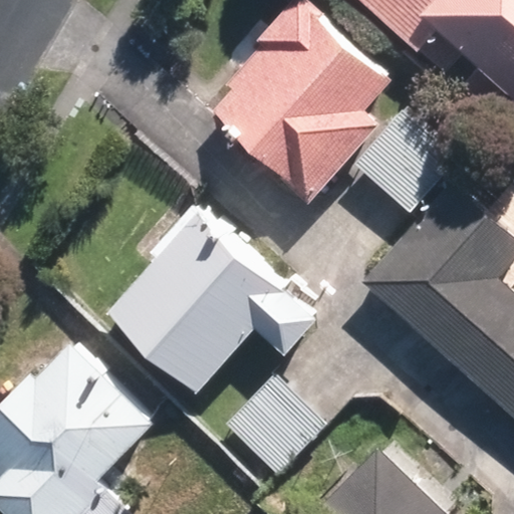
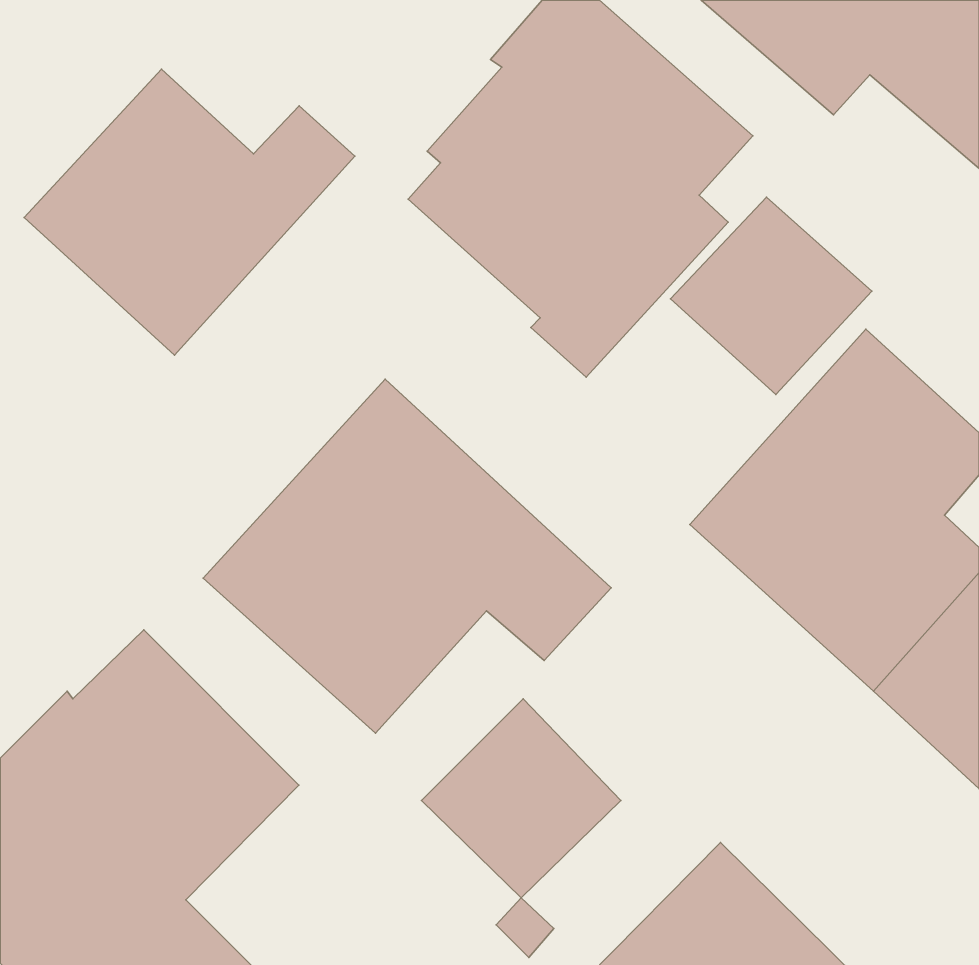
building: none -> [24,69,355,355]

